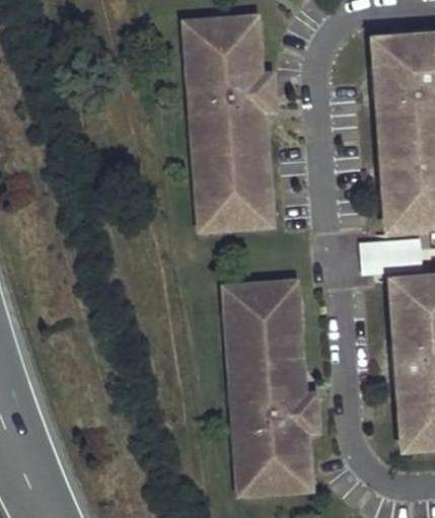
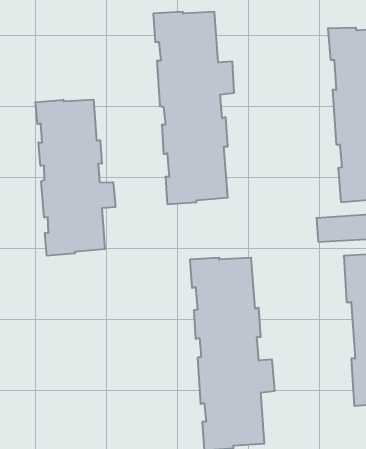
building: none -> [36,100,115,256]

